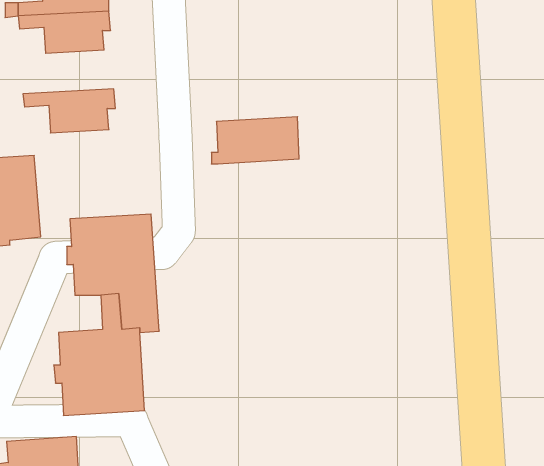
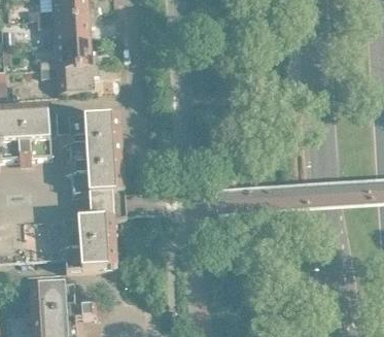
building: none -> [38,41,96,69]
building: [211,117,299,164] -> [64,119,119,148]

